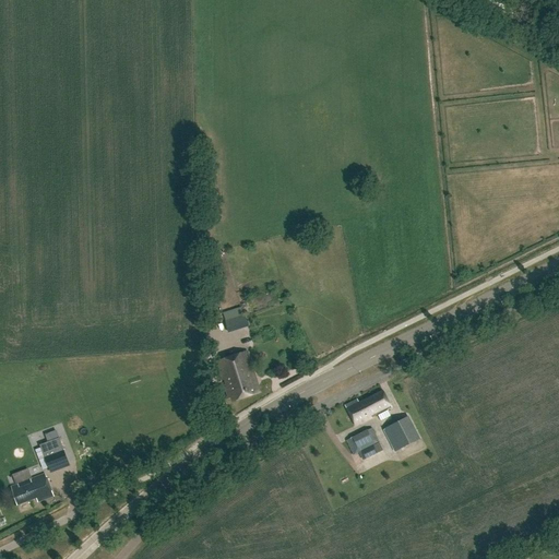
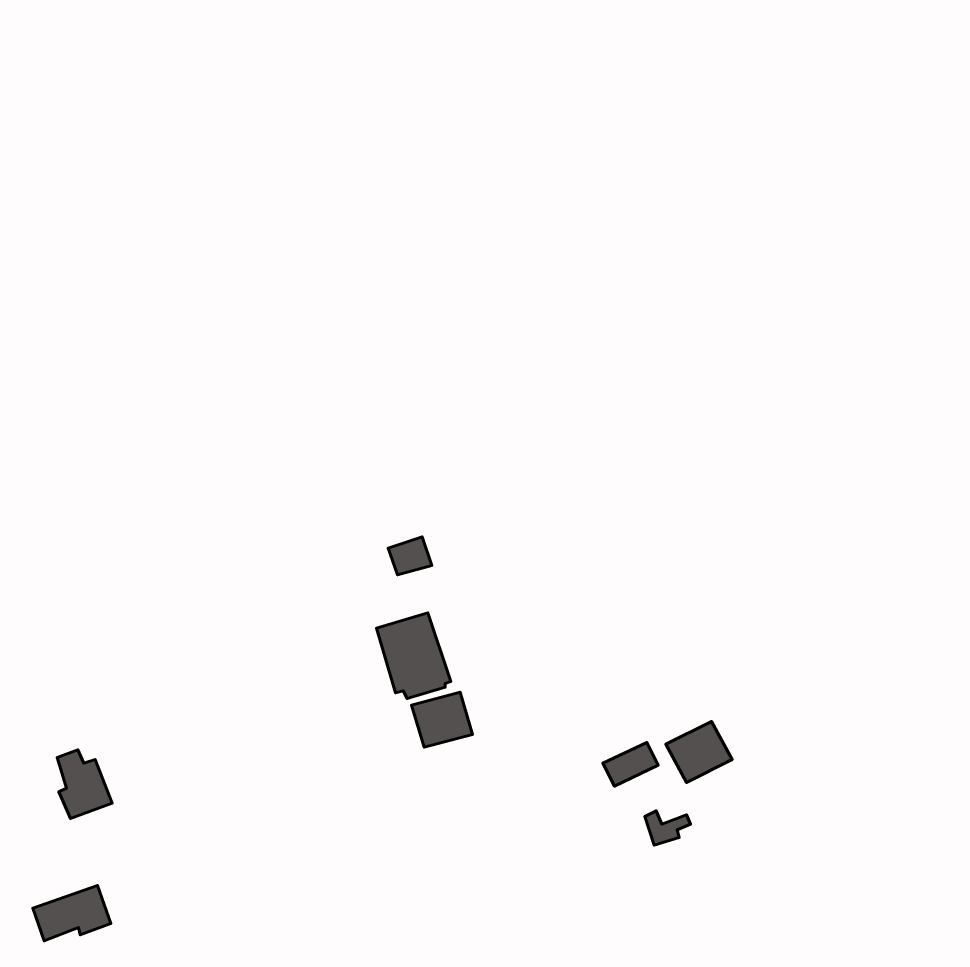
building: [347,390,392,424] -> none
building: none -> [412,692,473,747]
building: [9,473,53,504] -> [33,885,111,941]

